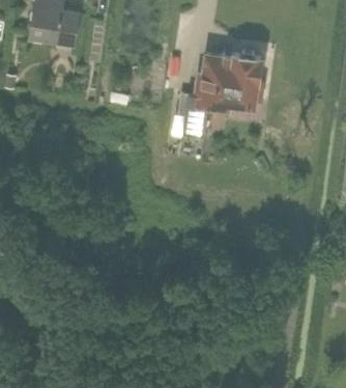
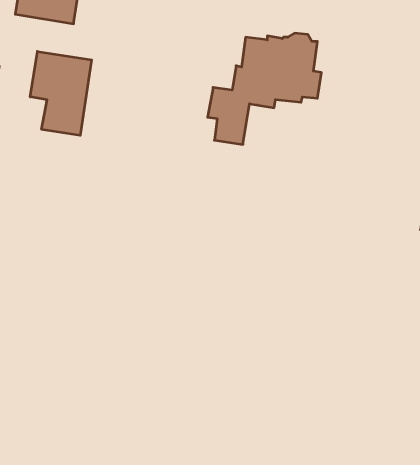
building: none -> [30,51,92,135]

